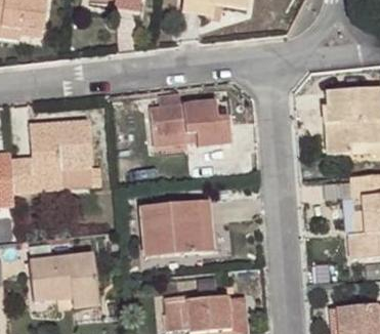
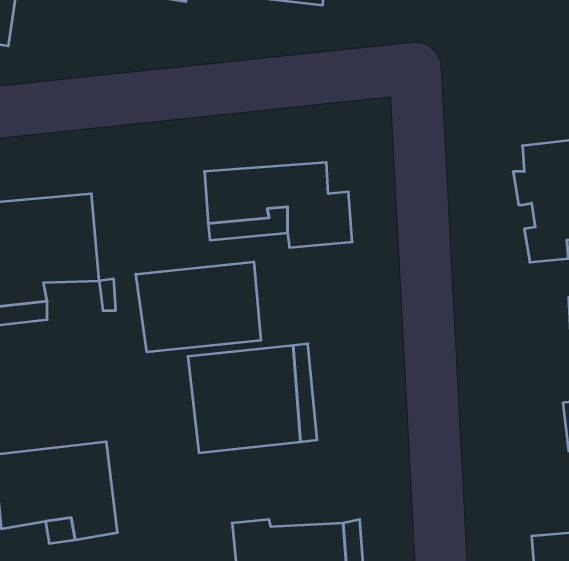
building: none -> [136,262,261,352]

